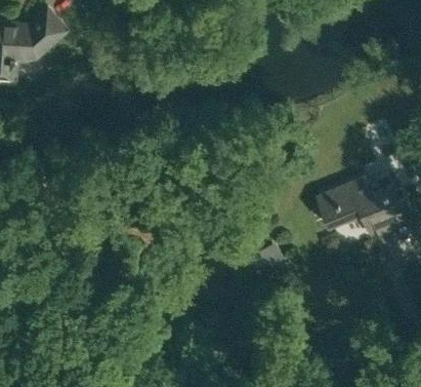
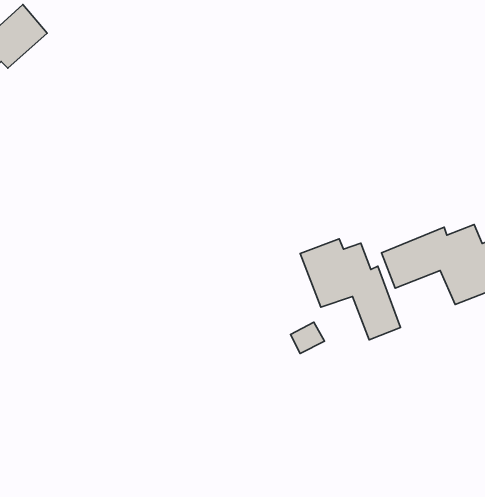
building: none -> [300,239,401,340]

